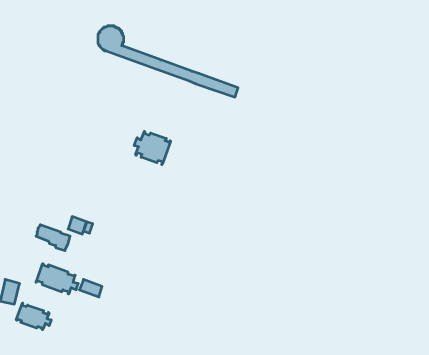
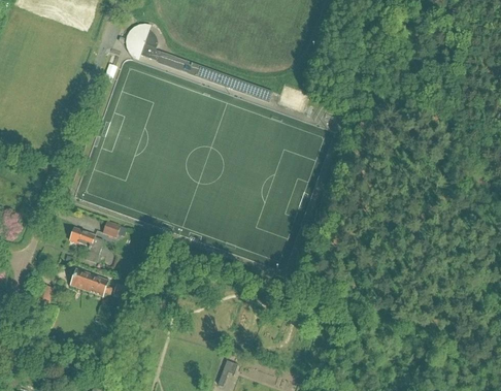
building: [134,131,171,165] -> none
building: [16,303,51,330] -> none

